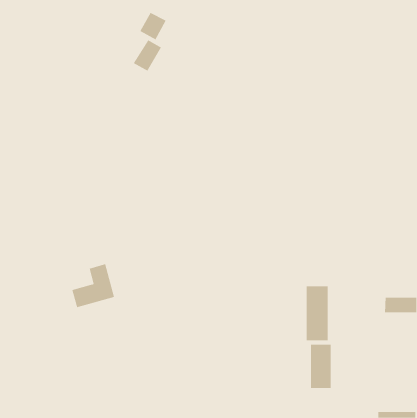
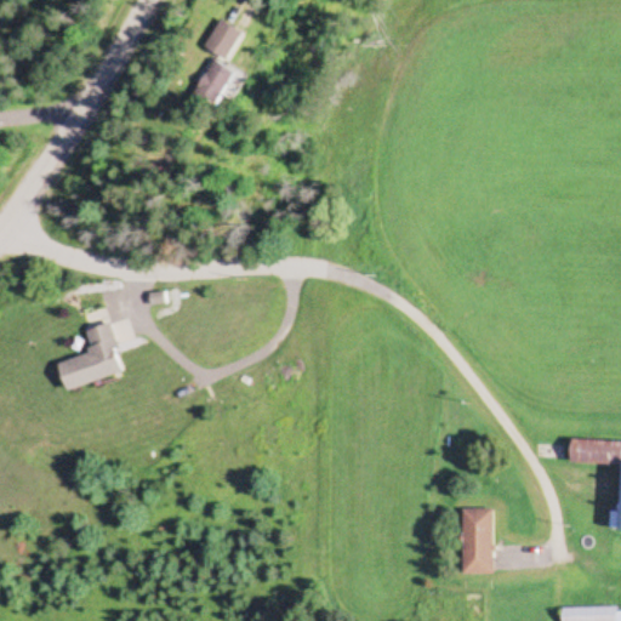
building: [71,263,115,308] -> [58,323,123,388]
building: [306,285,328,341] -> none

